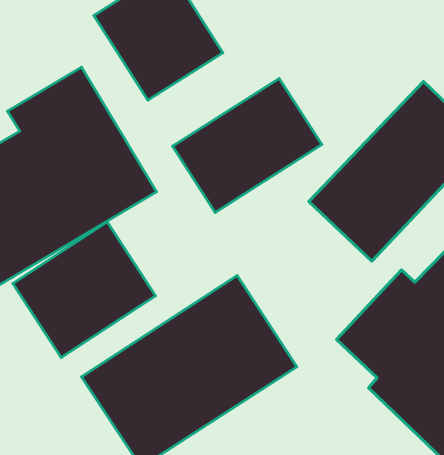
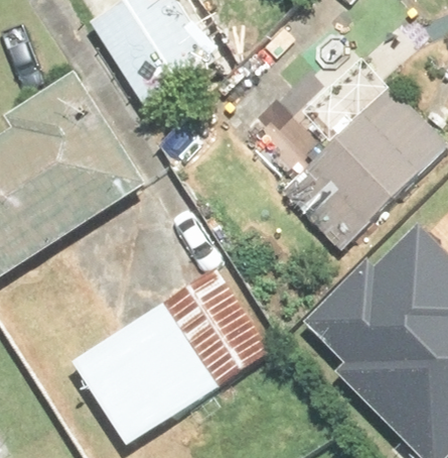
building: [172,78,322,213] -> none
building: [13,222,155,358] -> none

